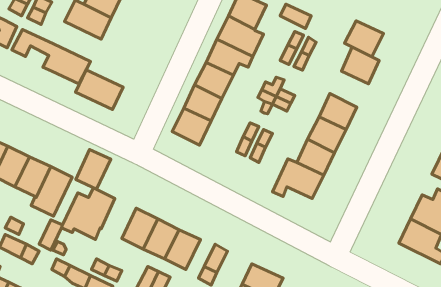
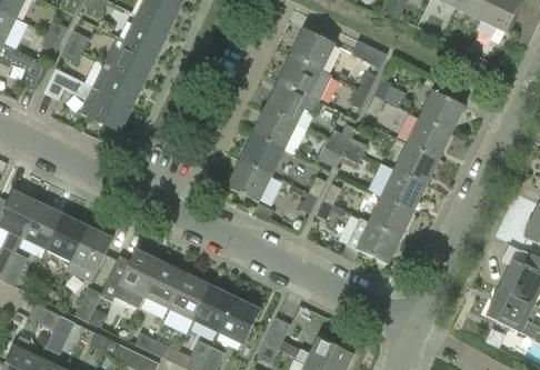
building: [345,21,383,57] -> [407,117,451,158]
building: [76,70,123,110] -> [91,60,146,106]
building: [76,149,111,189] -> [146,262,186,308]

